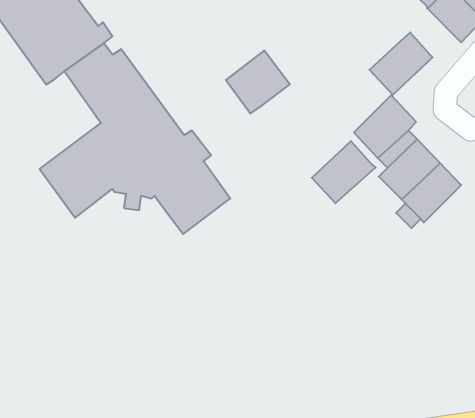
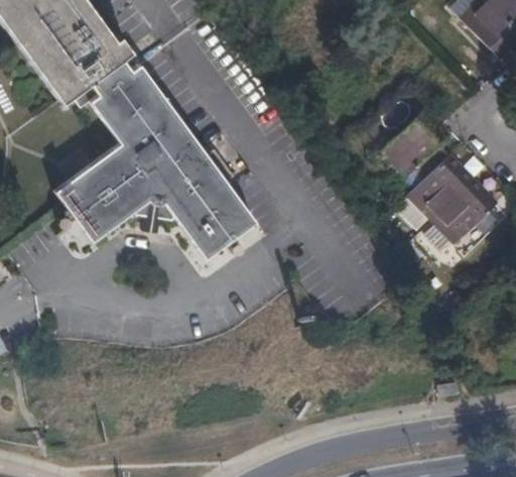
building: [369,32,433,95] -> none
building: [226,51,290,114] -> none
building: [312,141,376,203] -> none

